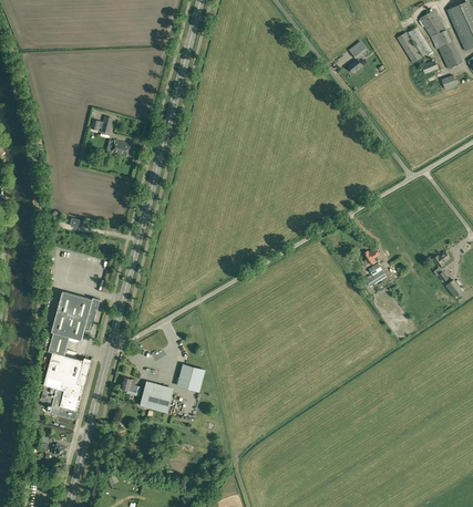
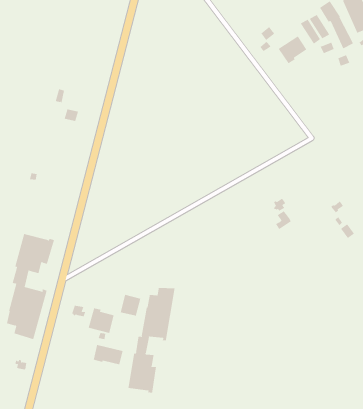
building: none -> [278,36,307,64]
building: none -> [128,287,175,393]
building: none -> [93,344,123,365]

